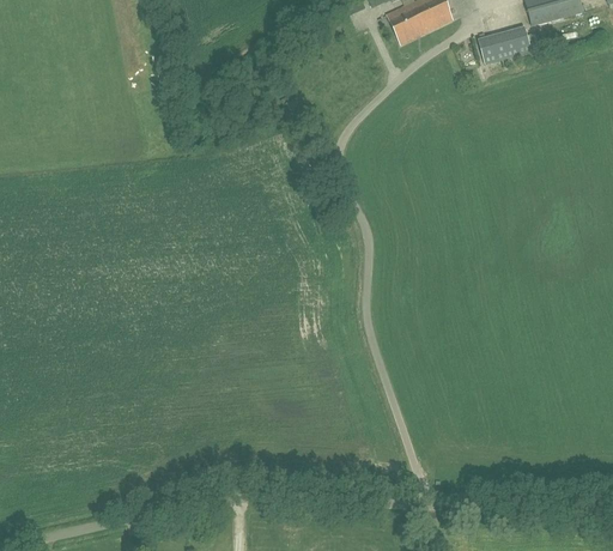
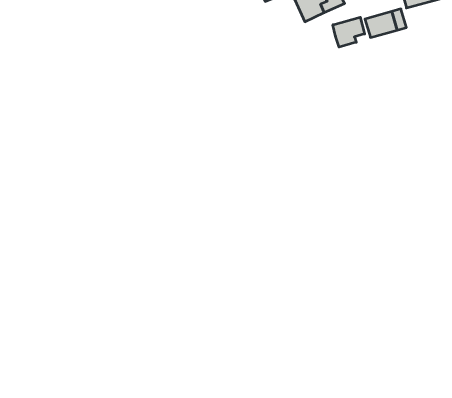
building: none -> [333,17,365,47]

